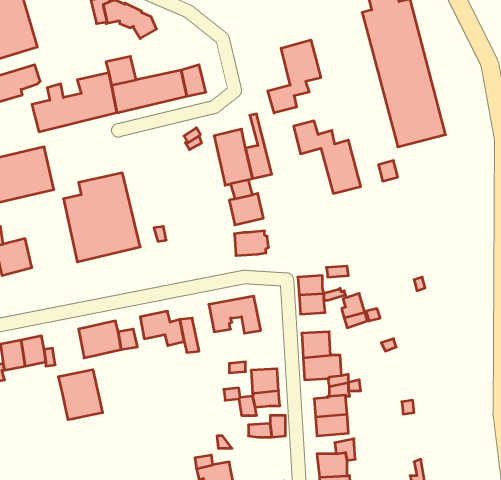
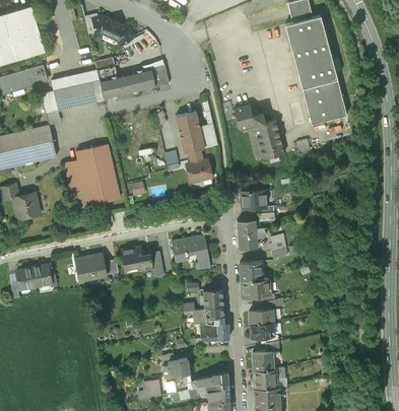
building: [268,40,321,113] -> none
building: [234,231,269,256] -> [241,191,266,209]
building: [58,370,103,420] -> none

